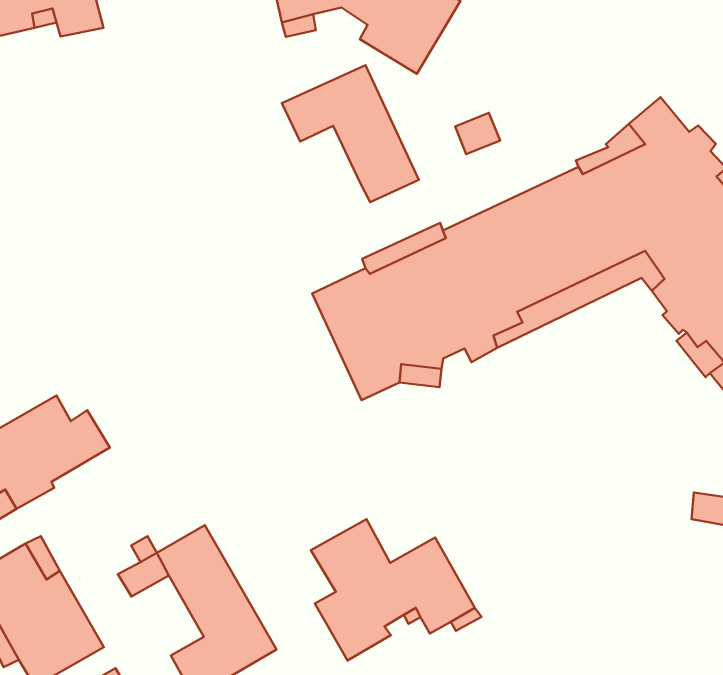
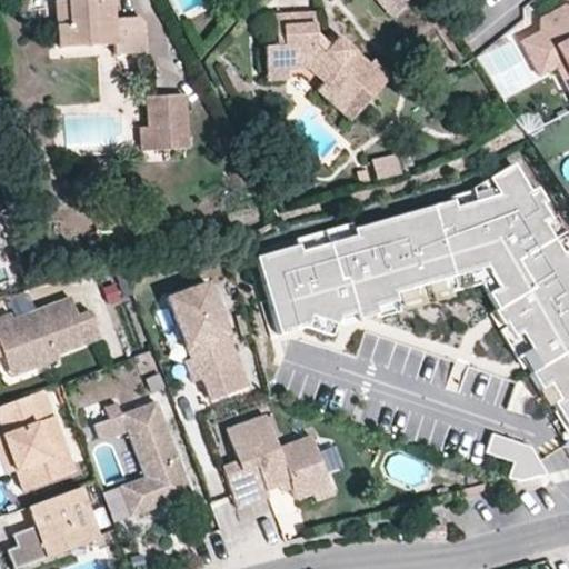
building: [282,65,419,202] -> none
building: none -> [141,92,189,150]
building: none -> [169,281,248,399]

